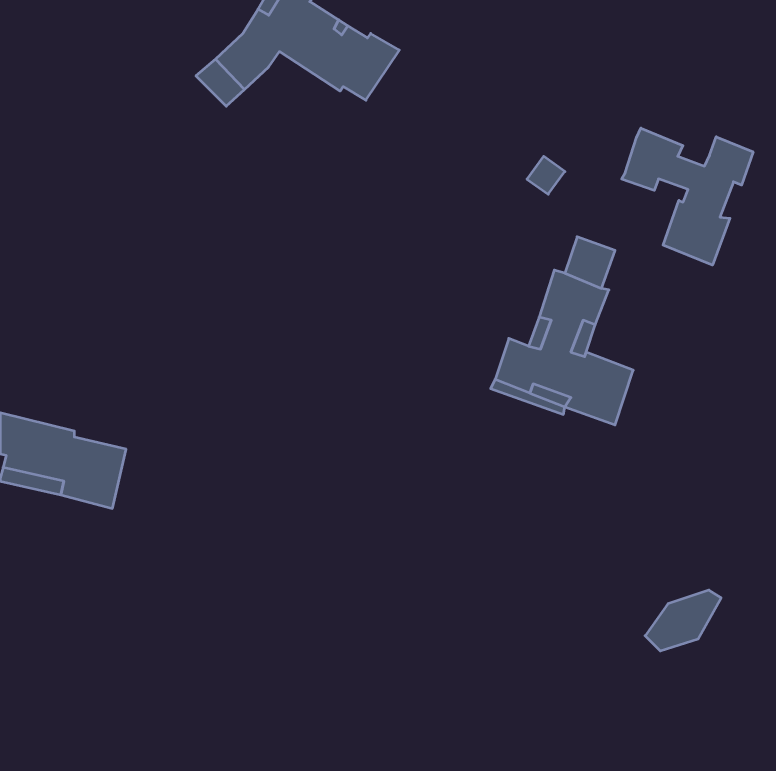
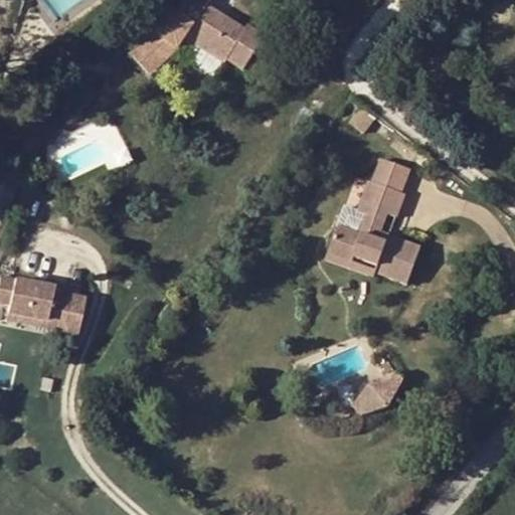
building: [622,128,753,265] -> none
building: [645,590,721,651] -> [353,373,403,413]

